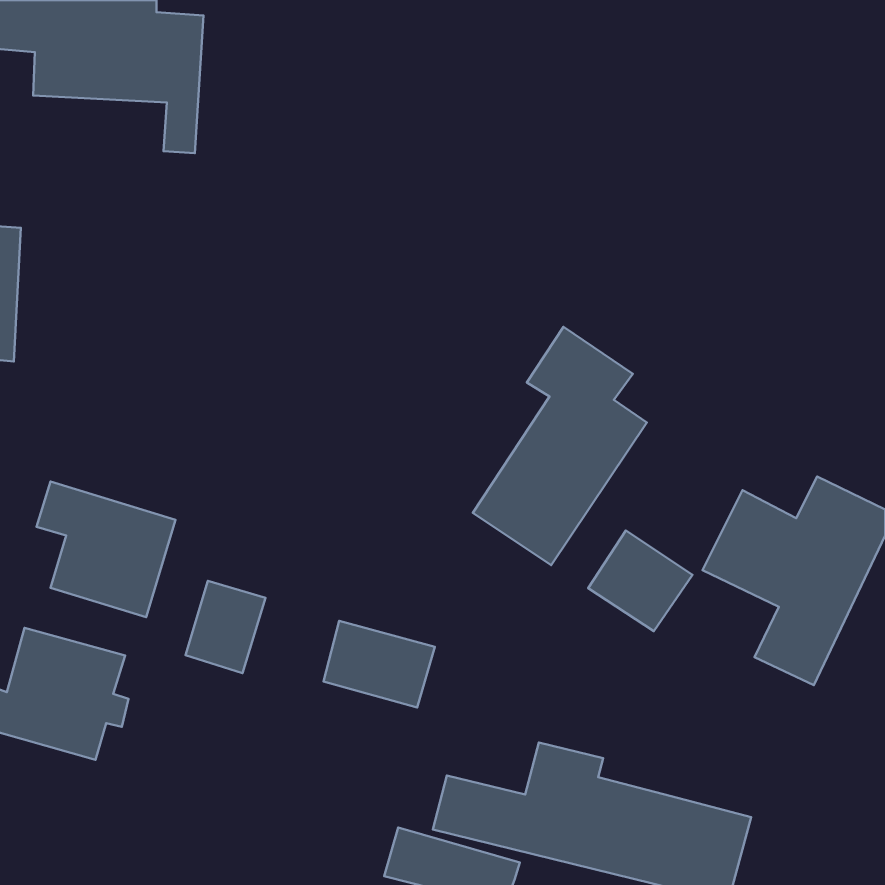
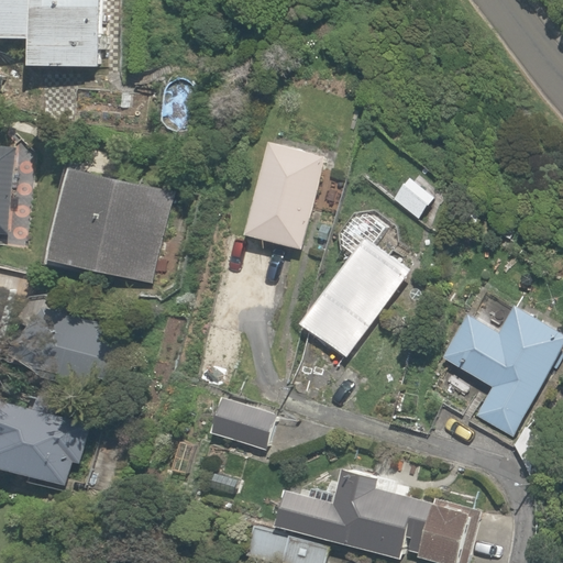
building: none -> [240,139,323,251]
building: none -> [38,166,175,285]
building: [588,530,692,631] -> none
building: [186,581,265,673] -> none

